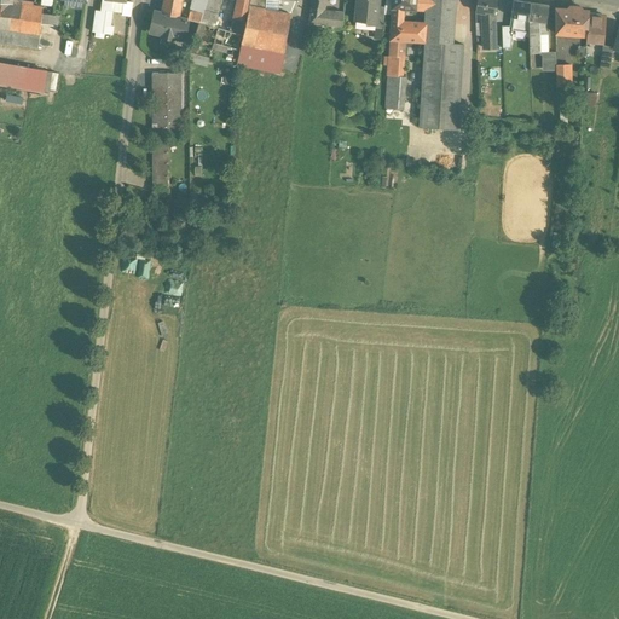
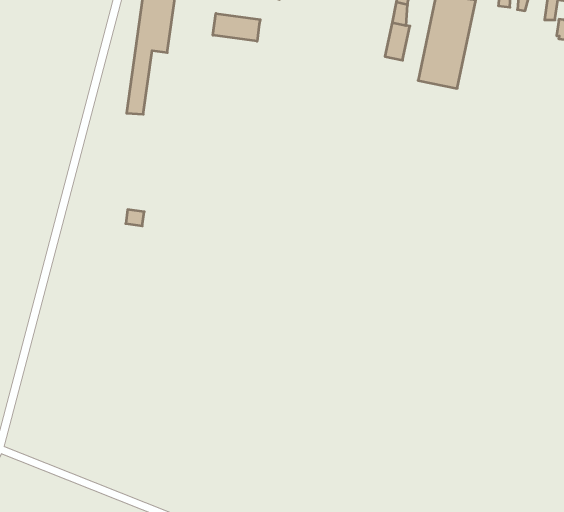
building: none -> [213,13,260,41]

